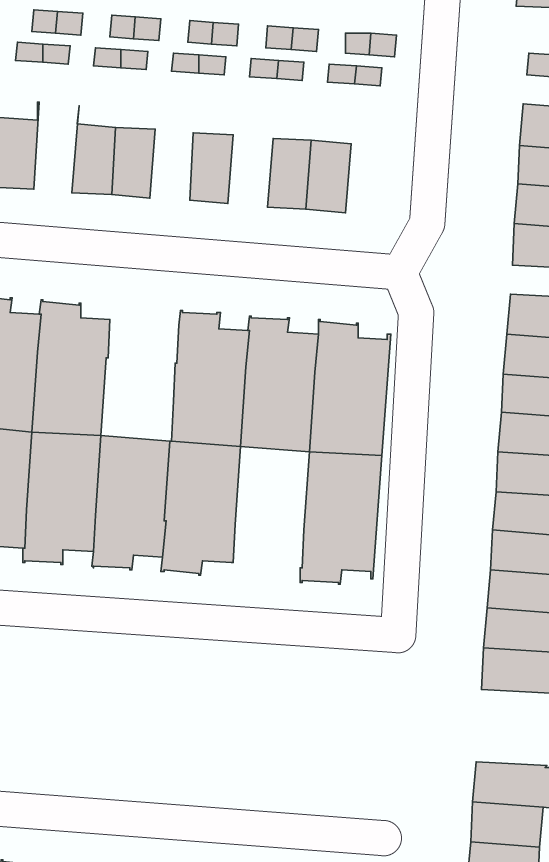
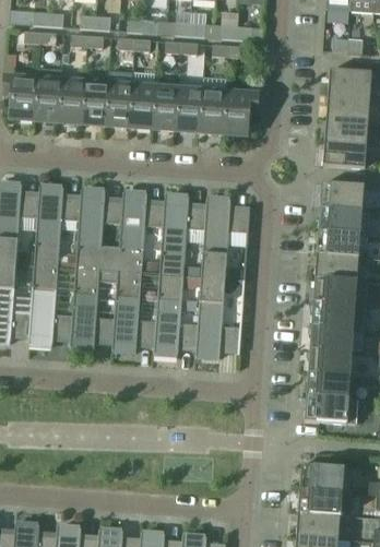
building: none -> [34,67,61,121]
building: none -> [104,83,130,126]
building: none -> [151,86,178,130]
building: none -> [222,92,257,134]
building: none -> [74,189,121,271]
building: none -> [153,274,200,355]

